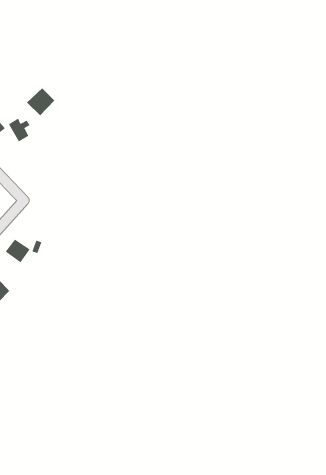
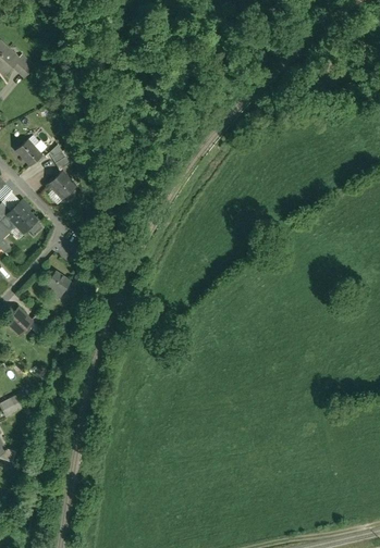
building: [26,88,55,116] -> [47,172,76,201]

